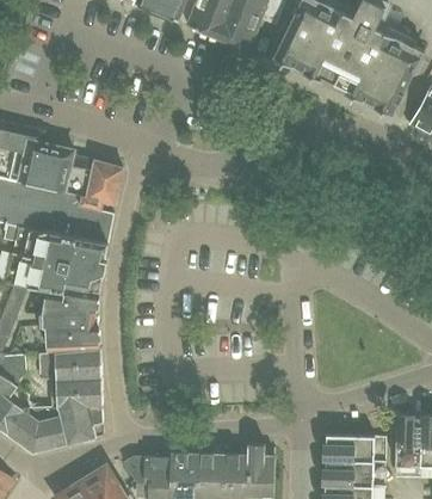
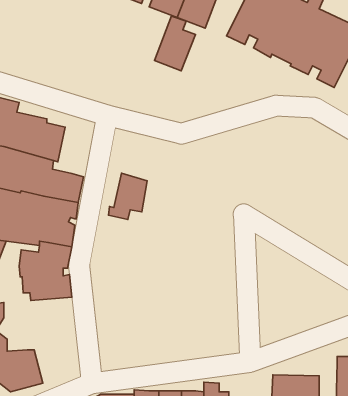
building: none -> [155,16,195,71]
building: [79,159,122,210] -> [109,173,147,219]
building: [35,347,104,443] -> none

